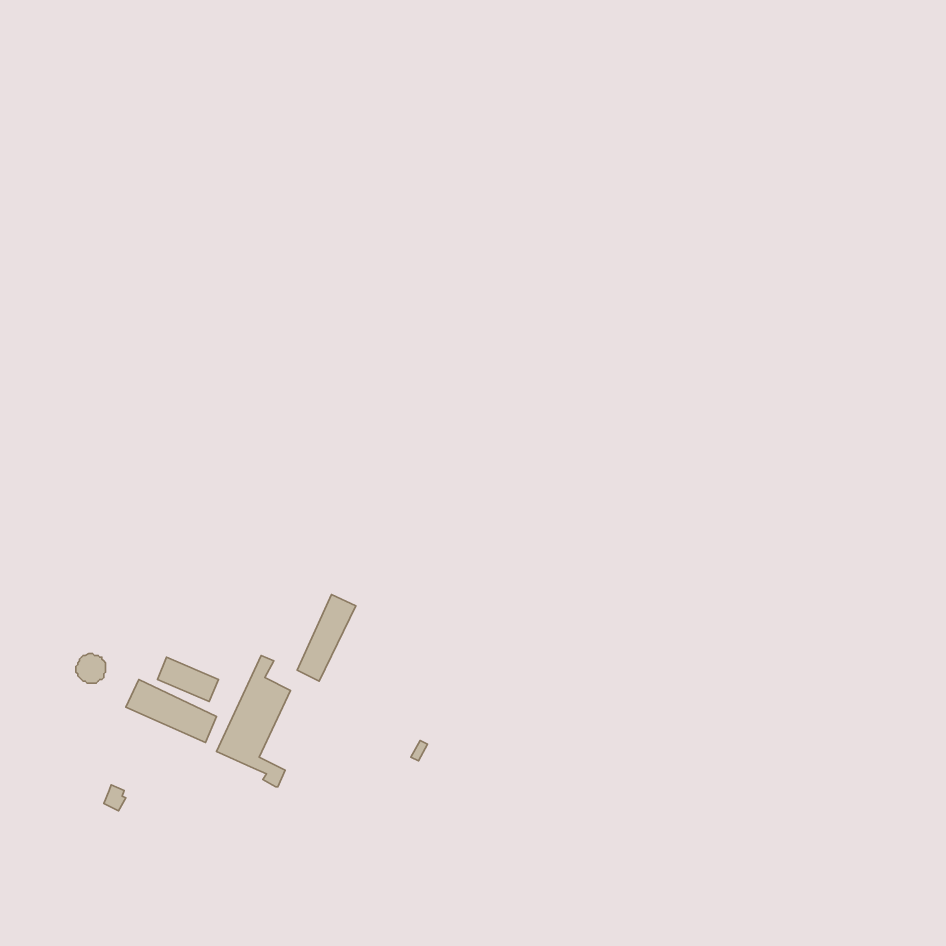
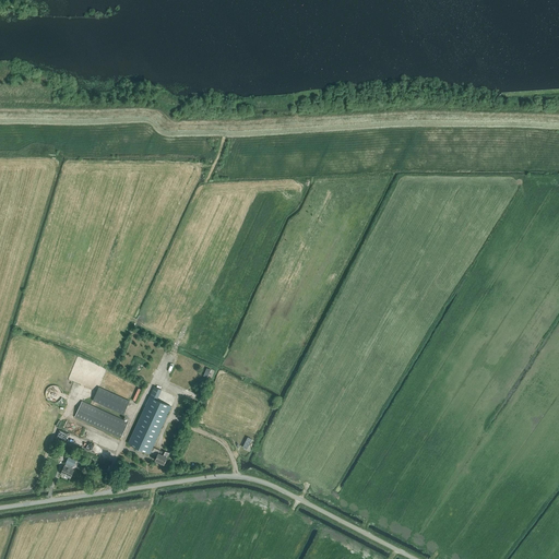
building: [297,595,356,681] -> none

